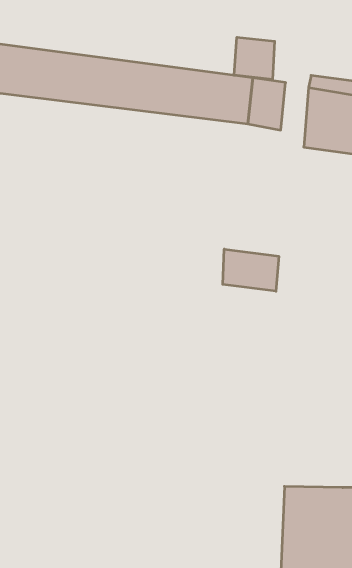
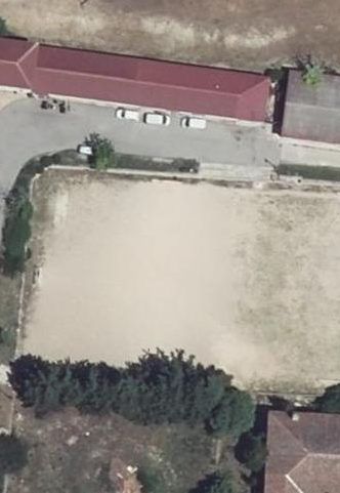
building: [234,37,275,80] -> none
building: [223,249,279,291] -> none

